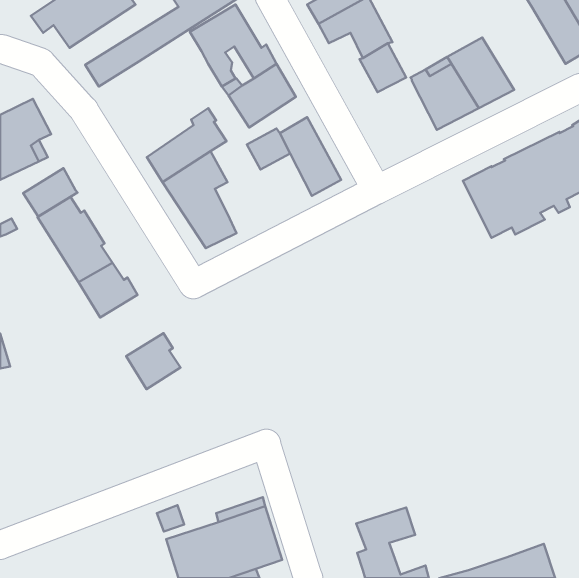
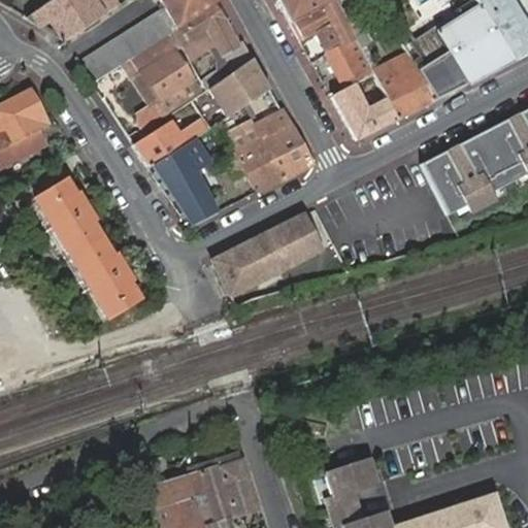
building: none -> [439,5,515,81]
building: none -> [128,27,202,130]
building: none -> [332,73,398,139]
building: none -> [238,139,285,191]
building: [23,168,78,217] -> none
building: none -> [213,212,322,294]
building: [126,333,181,389] -> [93,267,142,318]

